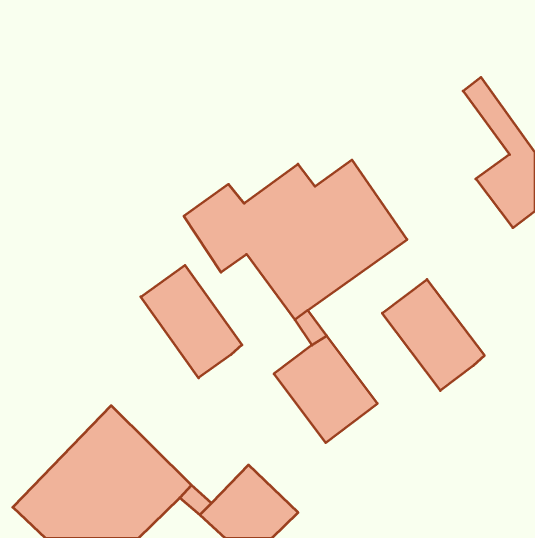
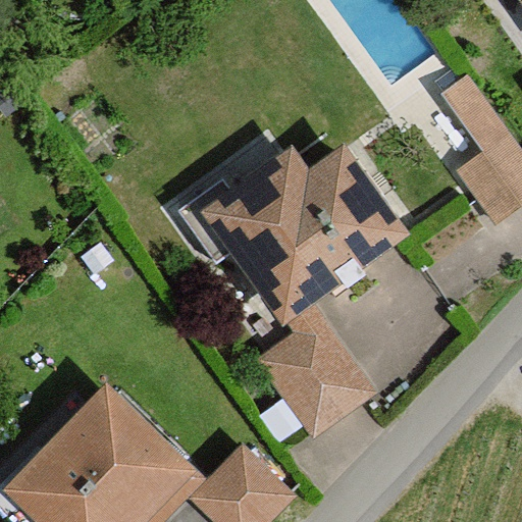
building: [141,265,242,378] -> none
building: [382,279,484,391] -> none

